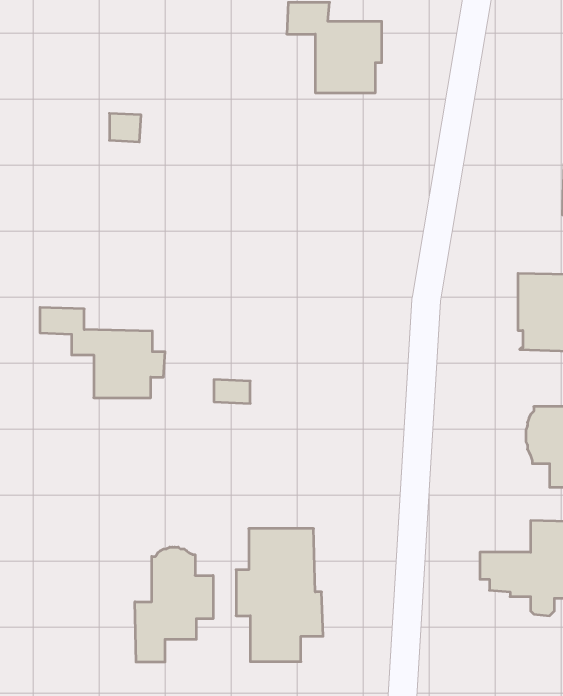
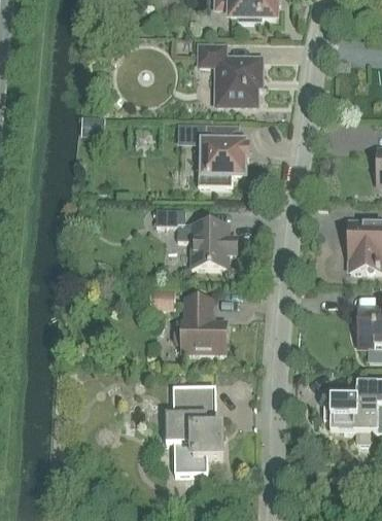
building: none -> [198,126,248,185]
building: [40,307,165,398] -> [155,208,237,267]
building: none -> [173,298,225,353]
building: [135,547,213,662] -> none

